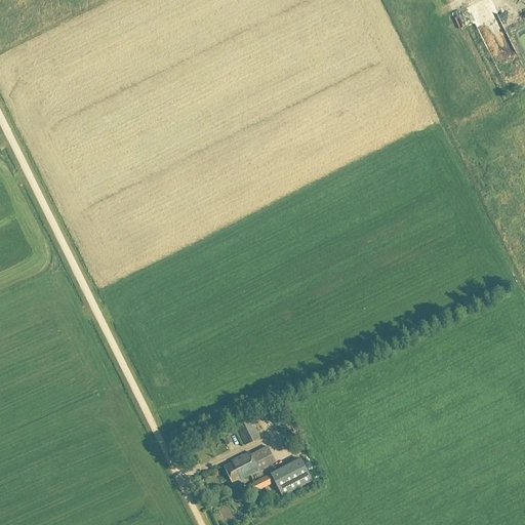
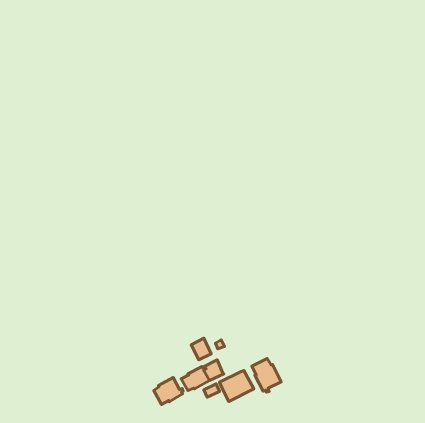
building: none -> [252,359,281,392]
building: none -> [154,377,183,405]

